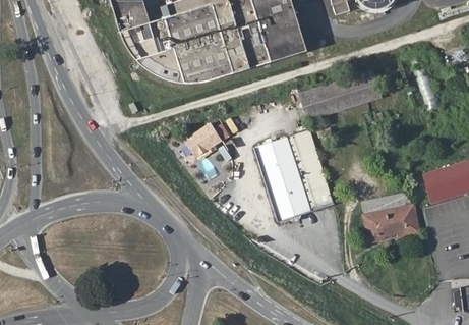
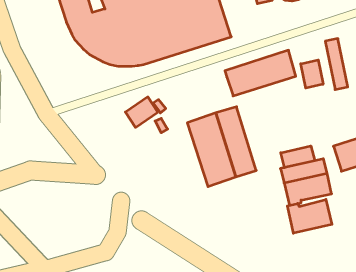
building: none -> [301,60,323,88]
building: none -> [281,146,315,168]
building: none -> [287,199,332,233]

